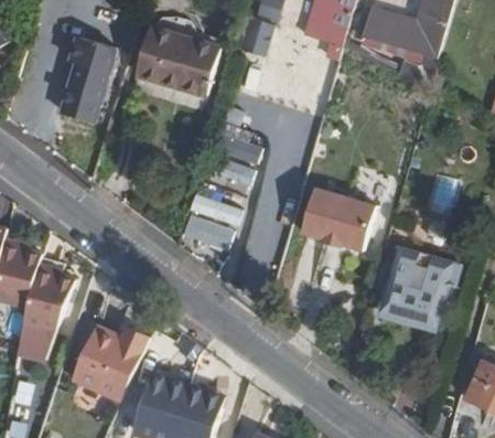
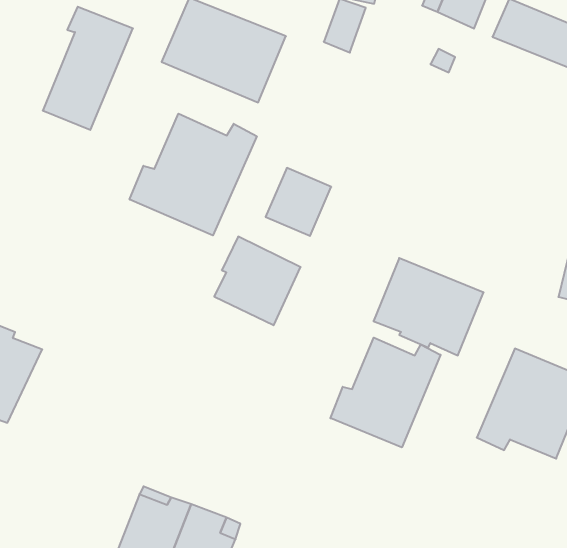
building: none -> [130,114,257,235]
building: none -> [330,338,441,447]
building: [67,328,146,406] -> none

